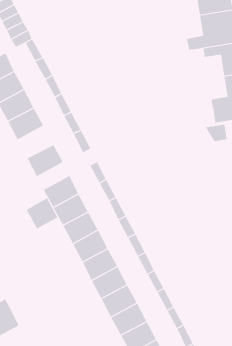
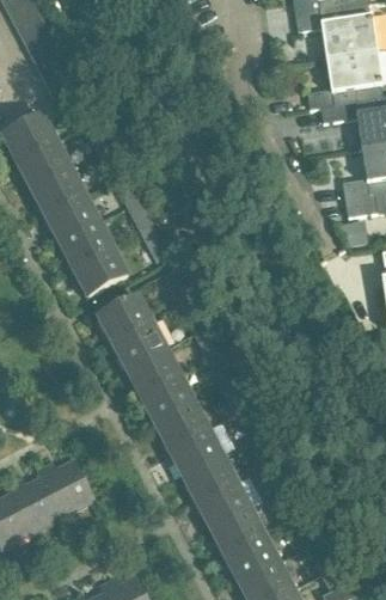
building: none -> [60,221,114,269]
building: [26,197,58,229] -> none
building: none -> [39,460,94,515]

